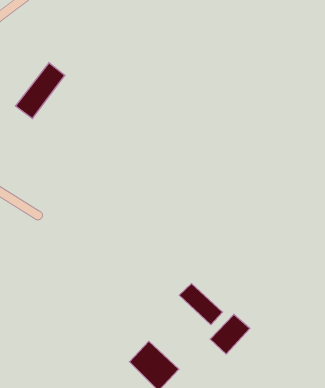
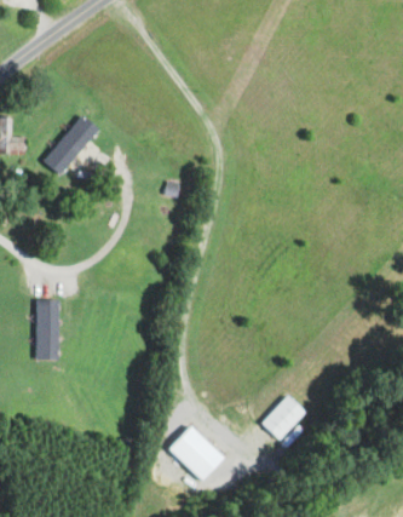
building: none -> [35,300,59,361]
building: [179,284,223,325] -> none

